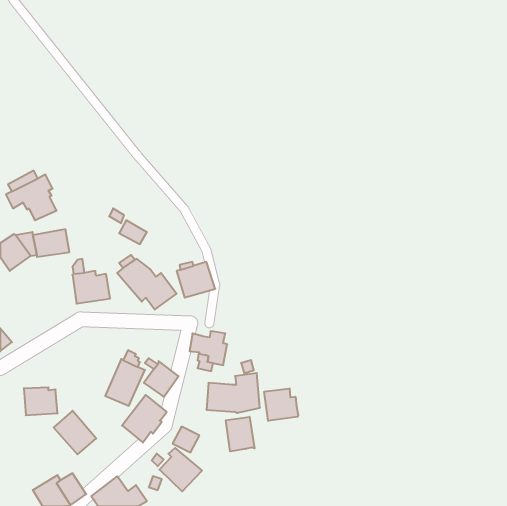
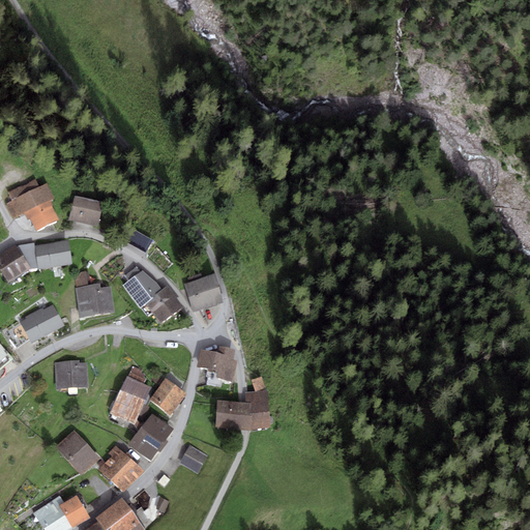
building: none -> [69,195,100,225]
building: none -> [21,303,65,342]
building: [24,387,58,415] -> [54,359,89,388]
building: [264,388,298,421] -> none
building: [226,417,255,451] -> none
building: [159,448,202,491] -> [99,446,144,492]

